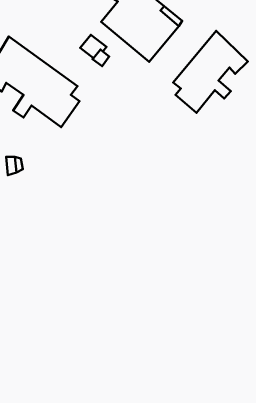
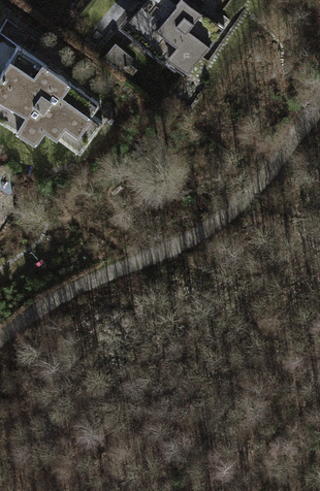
building: [173,31,248,113] -> none

